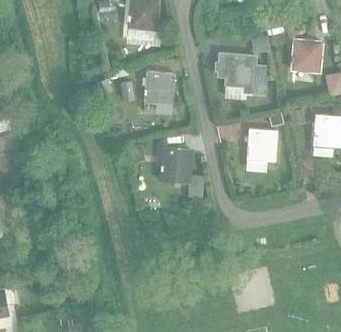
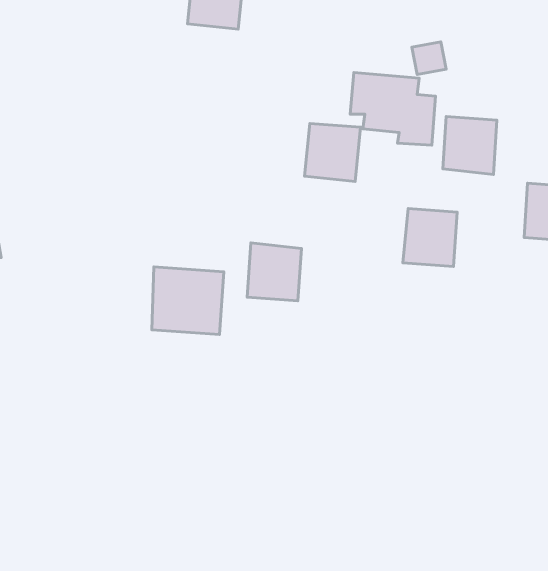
building: [291,40,321,72] -> [443,116,497,174]
building: [143,72,174,104] -> [304,124,361,182]
building: none -> [152,267,224,335]

